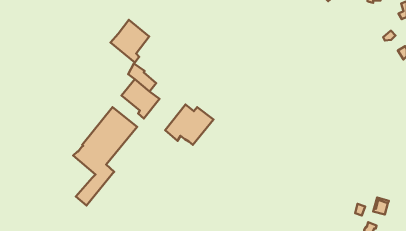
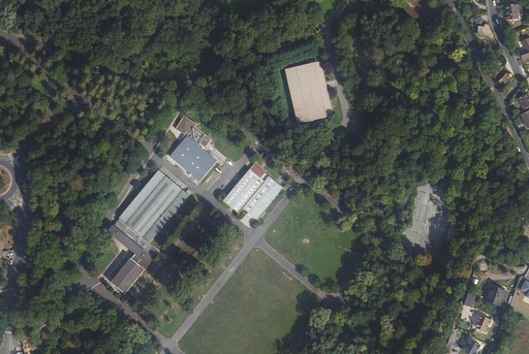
building: [110,20,149,62] -> none
building: none -> [285,62,334,124]

